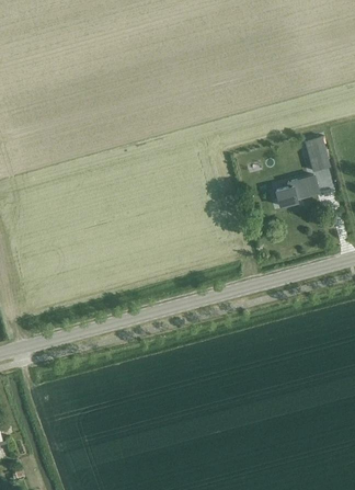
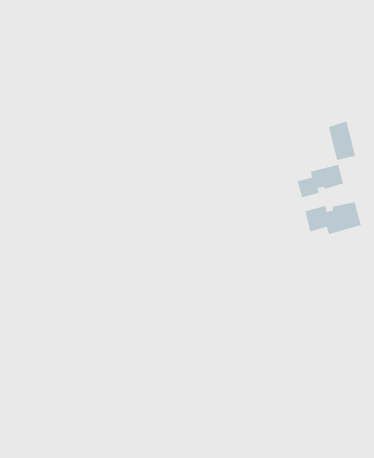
building: none -> [305,201,361,235]

